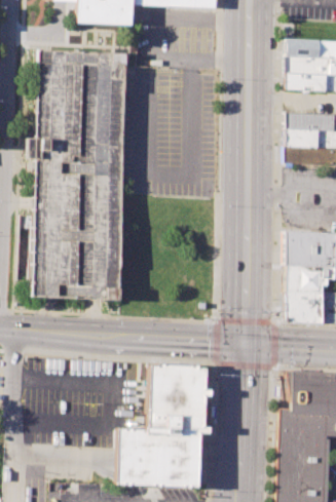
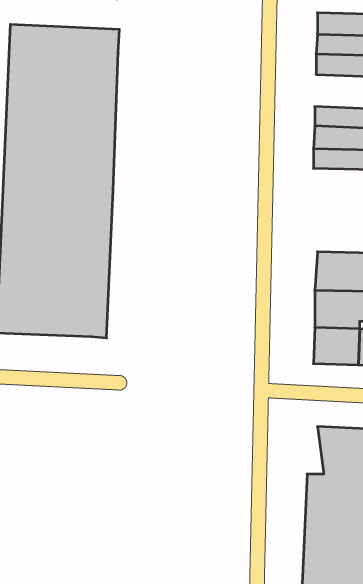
building: [113,365,207,488] -> none

